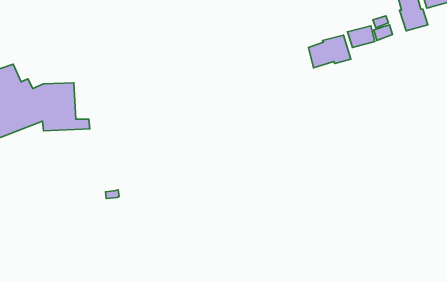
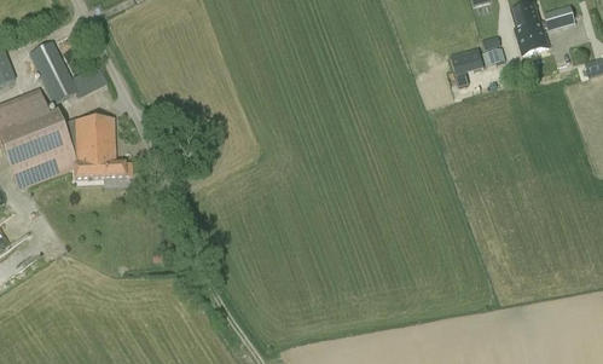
building: none -> [28,40,106,104]
building: [308,35,351,68] -> none

